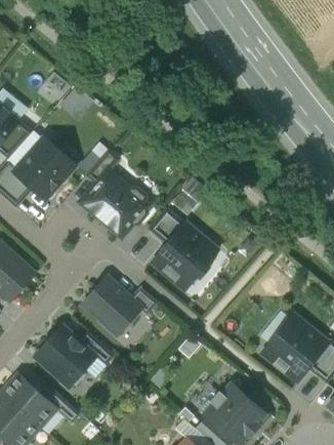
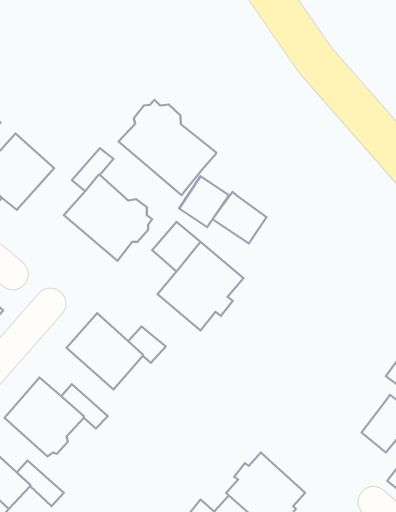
building: none -> [119,100,216,195]
building: none -> [213,192,266,243]
building: [261,315,327,381] -> none

